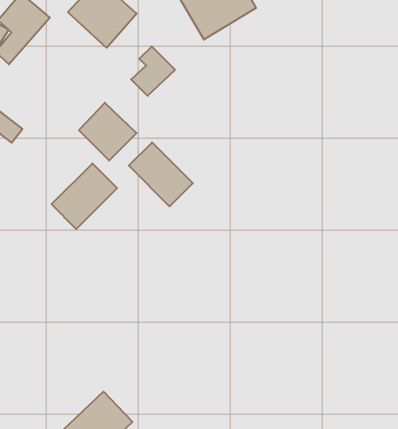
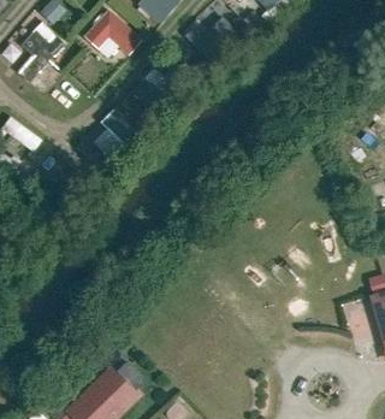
building: [129,142,193,206] -> none
building: [52,163,117,229] -> none

